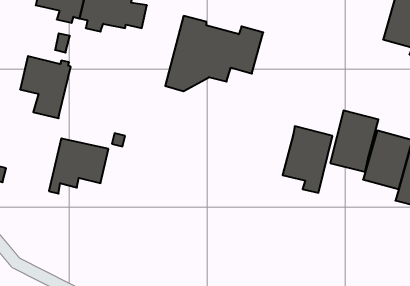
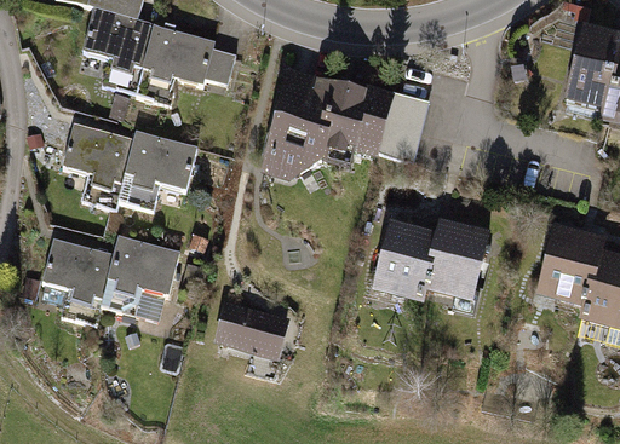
building: none -> [381,91,425,155]
building: none -> [115,129,199,211]
building: [330,111,378,172] -> [372,220,438,305]
building: none -> [44,238,114,324]
building: none -> [214,300,292,359]

